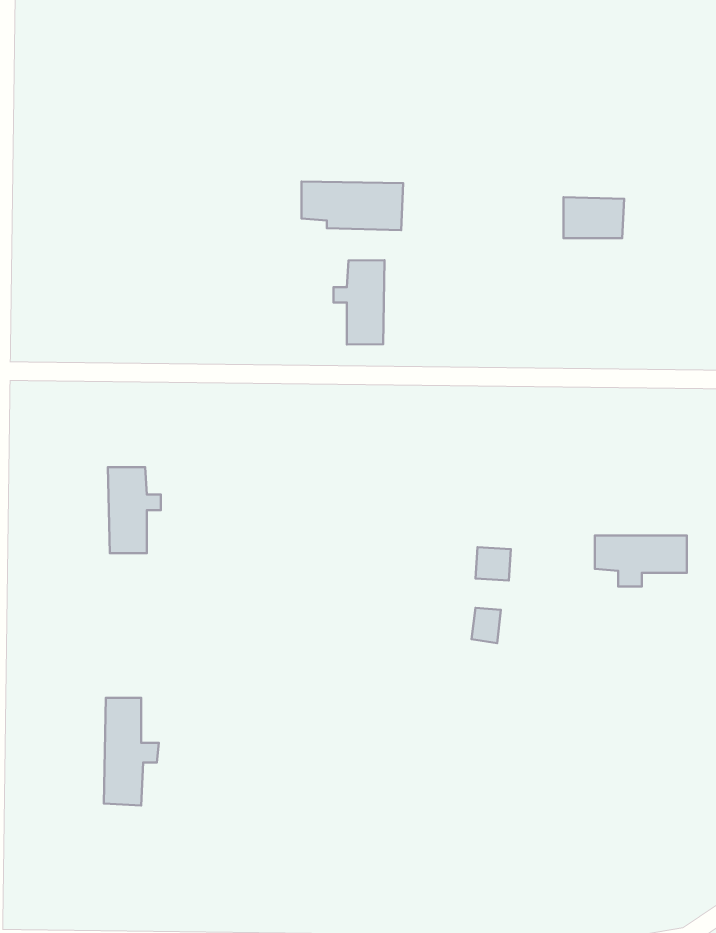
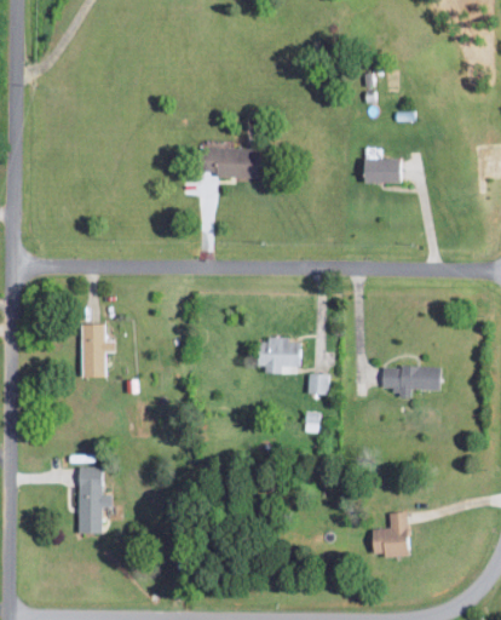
building: [333,260,385,344] -> none
building: none -> [255,338,301,372]
building: none -> [372,512,409,557]

